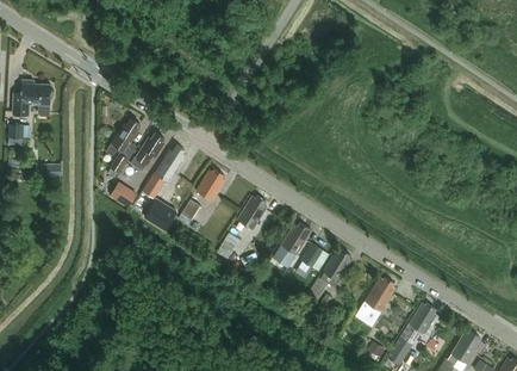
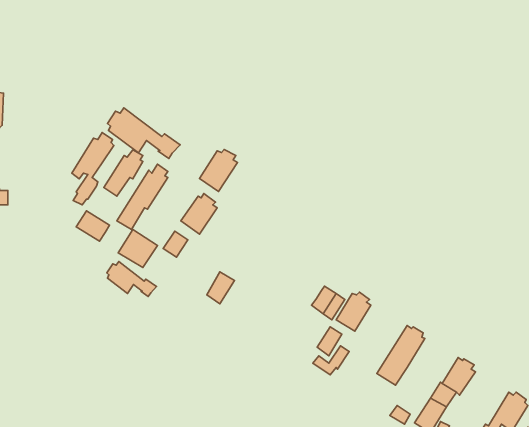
building: none -> [108,108,180,158]
building: [237,196,268,230] -> [200,150,237,192]
building: [270,223,310,273] -> none
building: none -> [107,262,156,297]

